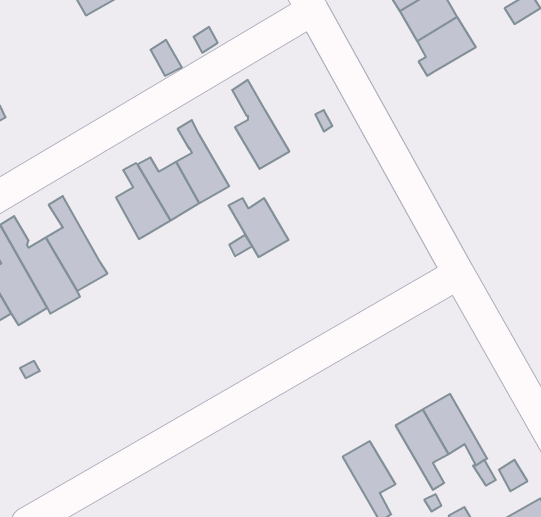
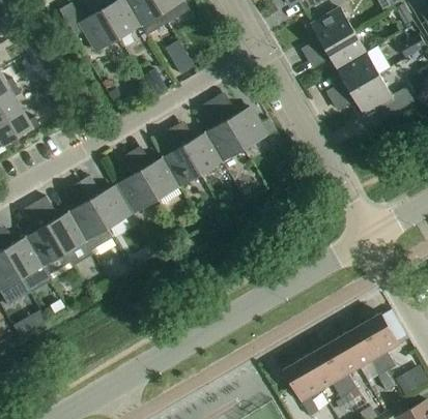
building: none -> [349,73,413,118]
building: none -> [227,107,266,149]
building: none -> [81,176,130,229]
building: [228,198,289,257] -> [179,131,223,174]
building: none -> [361,312,399,370]
building: none -> [303,347,348,397]

